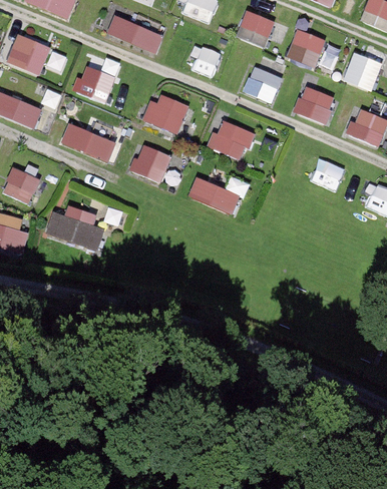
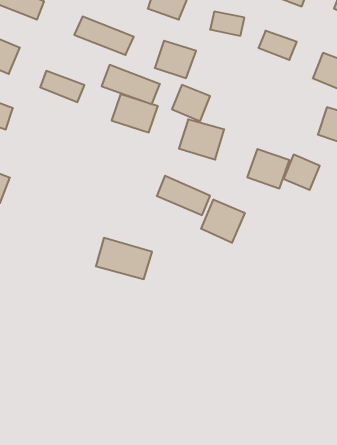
building: [245,66,283,102] -> [172,85,210,121]
building: [294,86,336,125] -> [247,149,289,188]
building: [60,123,118,162] -> [102,65,160,104]
building: [128,141,173,184] -> none
building: none -> [201,199,245,243]
building: [51,209,107,251] -> [96,238,152,279]

